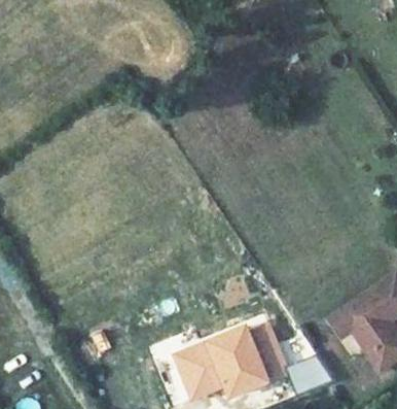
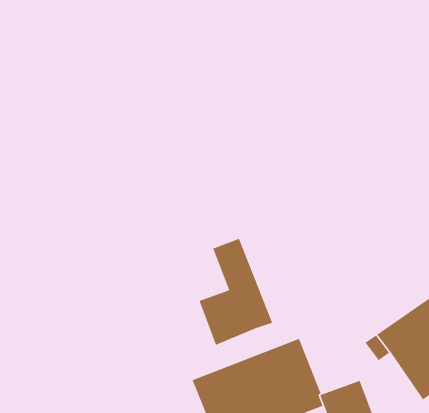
building: none -> [198,238,273,346]

